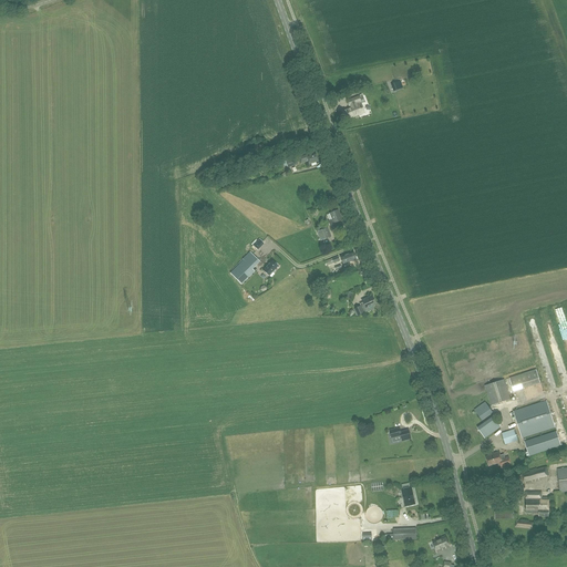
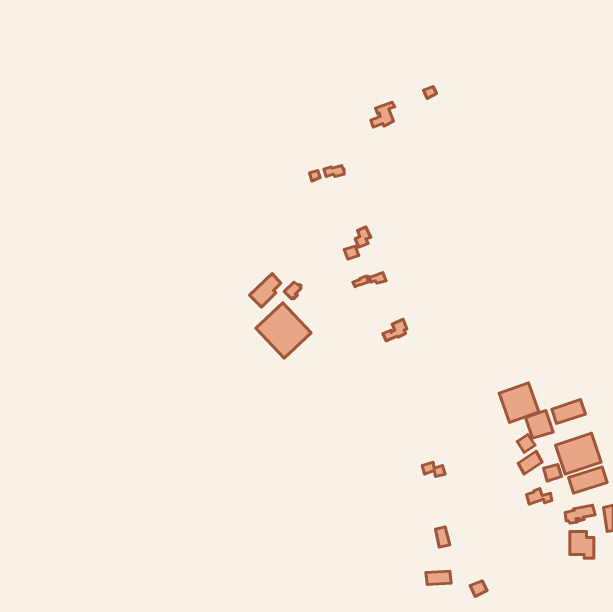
building: none -> [256,303,311,358]
building: none -> [499,383,539,422]

